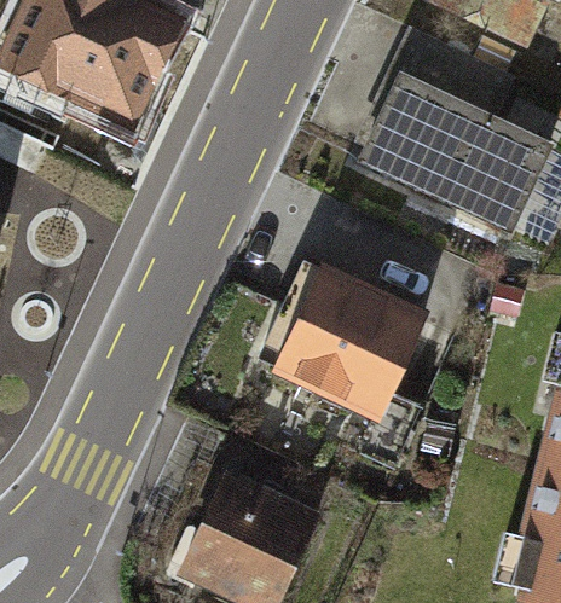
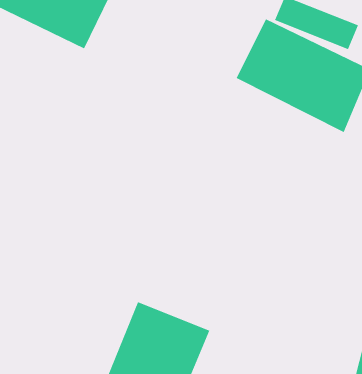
building: [267,265,413,413] -> none

